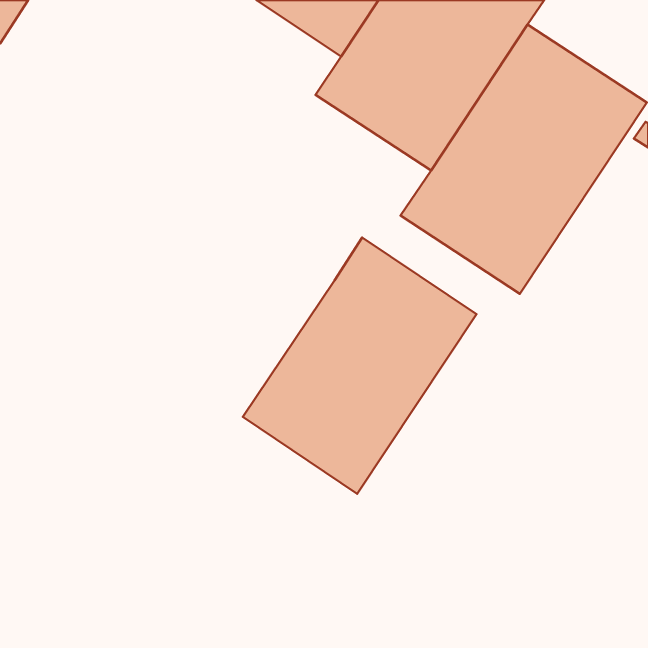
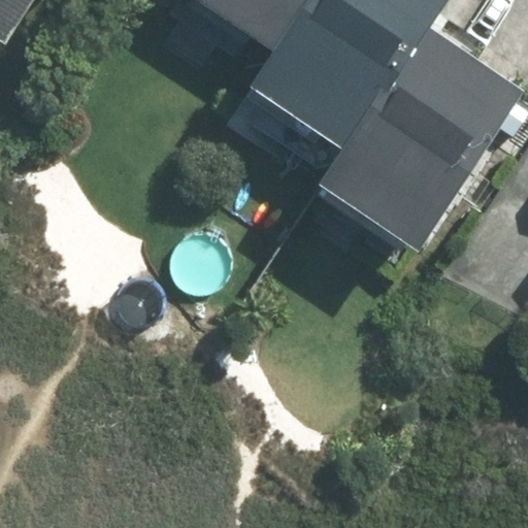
building: [243,237,476,494] -> none

